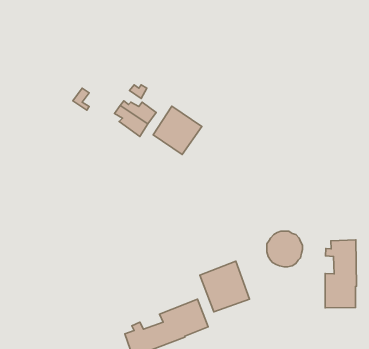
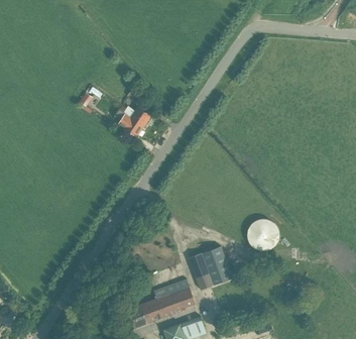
building: [153,106,202,155] -> none
building: [325,240,357,308] -> none

